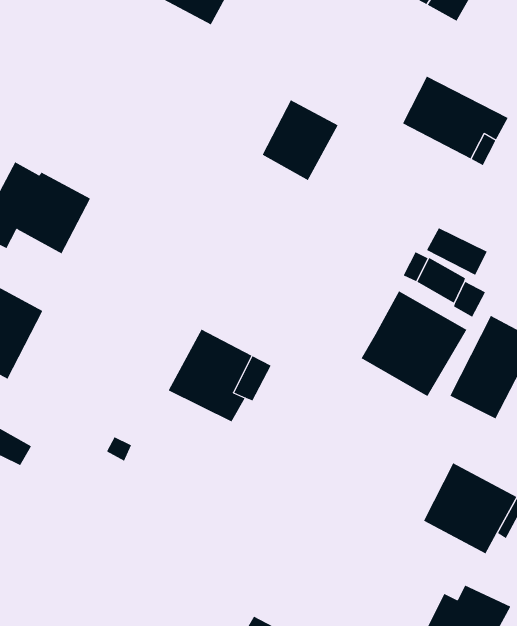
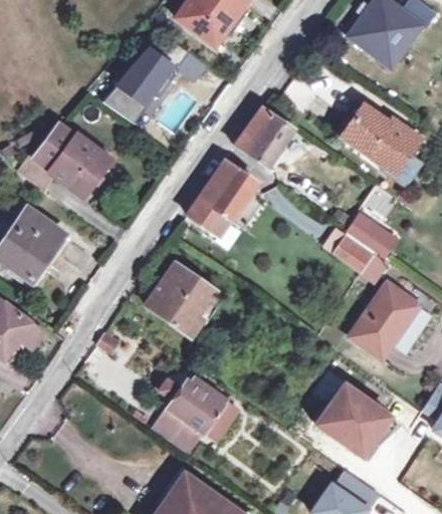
building: none -> [107,39,176,117]
building: none -> [188,161,264,240]
building: [361,290,467,397] -> none
building: none -> [153,374,237,451]

